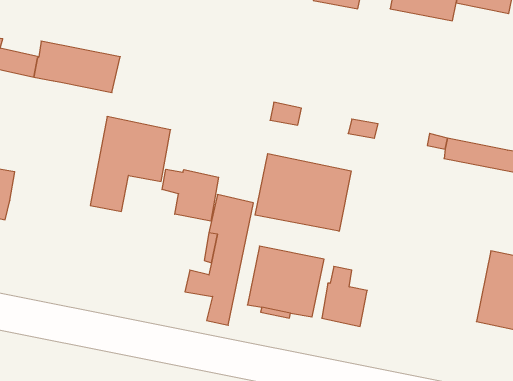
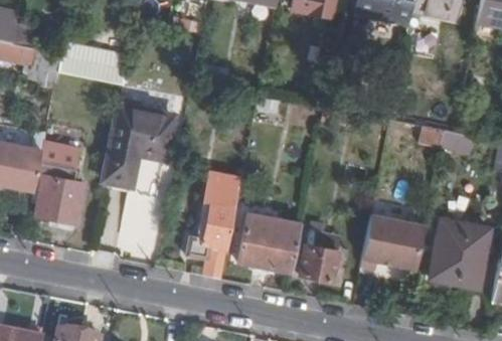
building: [255,154,351,231] -> none
building: none -> [34,143,83,228]
building: [162,169,219,221] -> none
building: none -> [360,219,424,270]

